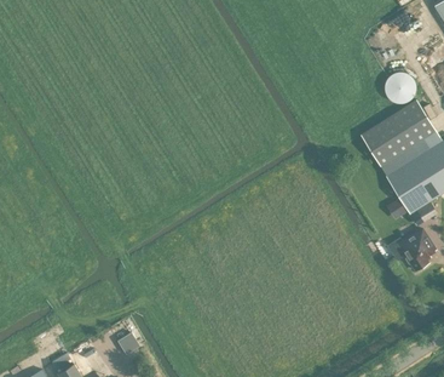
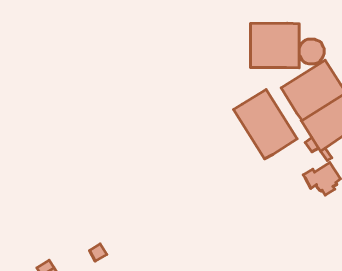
building: none -> [251,23,299,68]
building: none -> [233,89,297,159]

